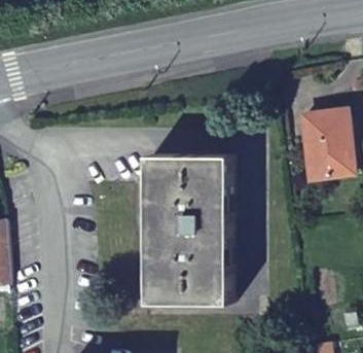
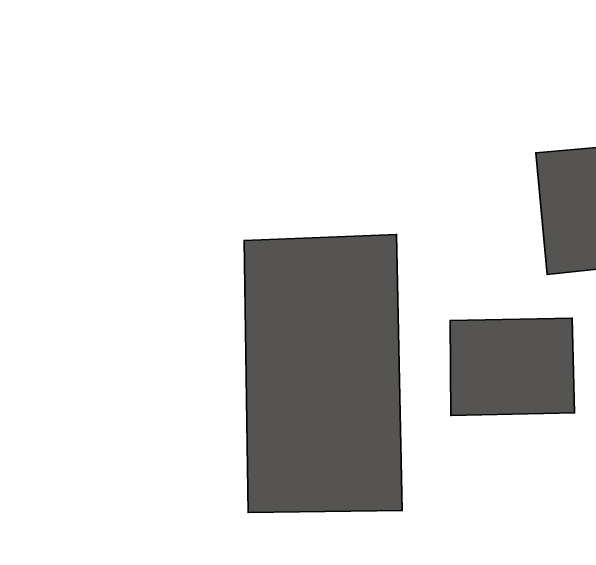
building: none -> [450,318,575,415]

